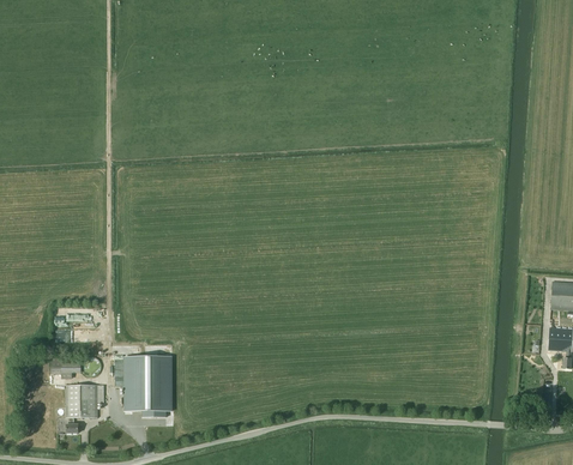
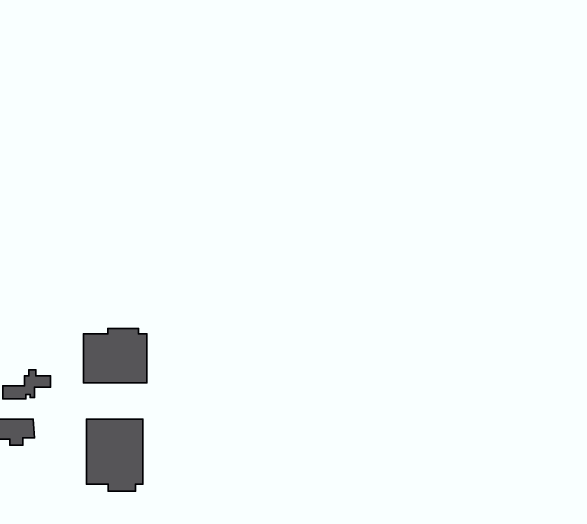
building: none -> [84,328,147,383]
building: [66,384,103,423] -> none

